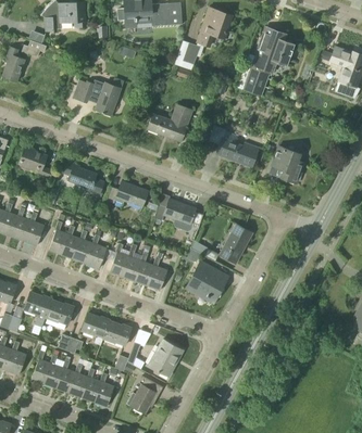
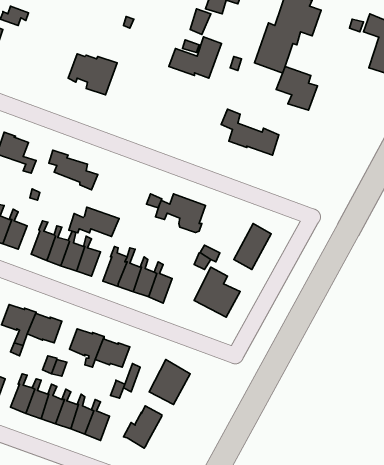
building: [148,104,192,139] -> [169,37,222,78]
building: [271,147,305,183] -> [276,66,317,110]
building: [107,181,149,206] -> [69,207,119,237]

